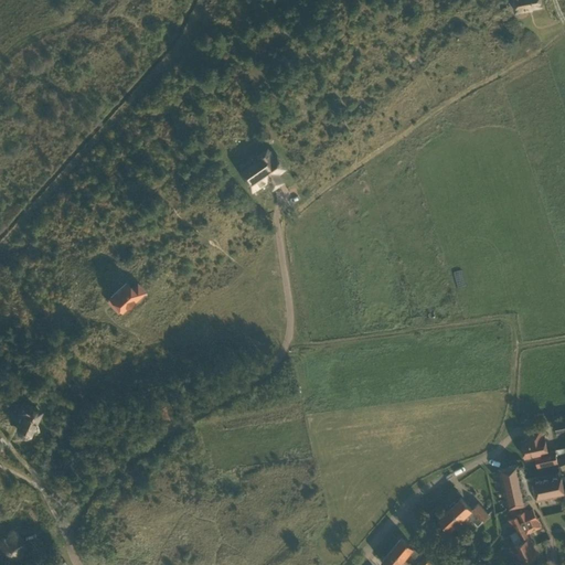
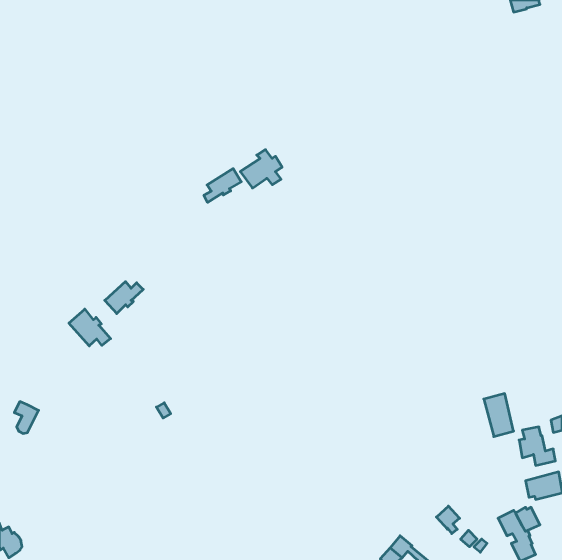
building: none -> [204,169,241,202]
building: none -> [69,309,111,346]
building: [497,468,526,511] -> [484,394,514,437]
building: [449,500,488,523] -> none

